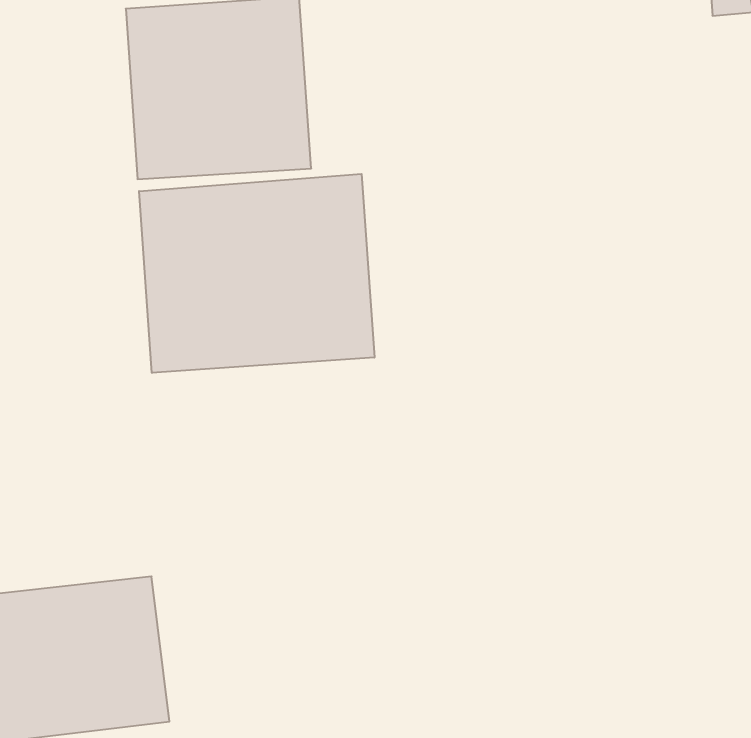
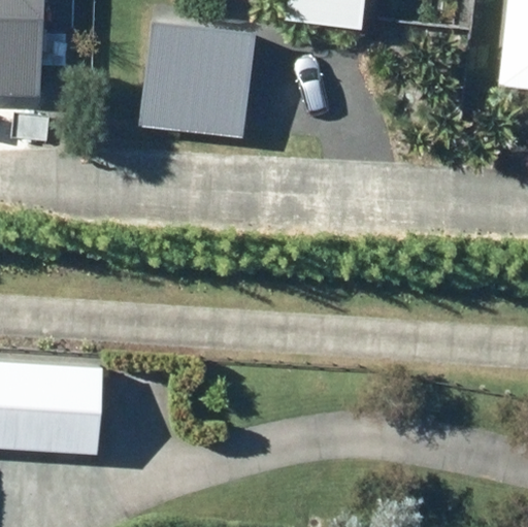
building: [139,174,374,373] -> none

